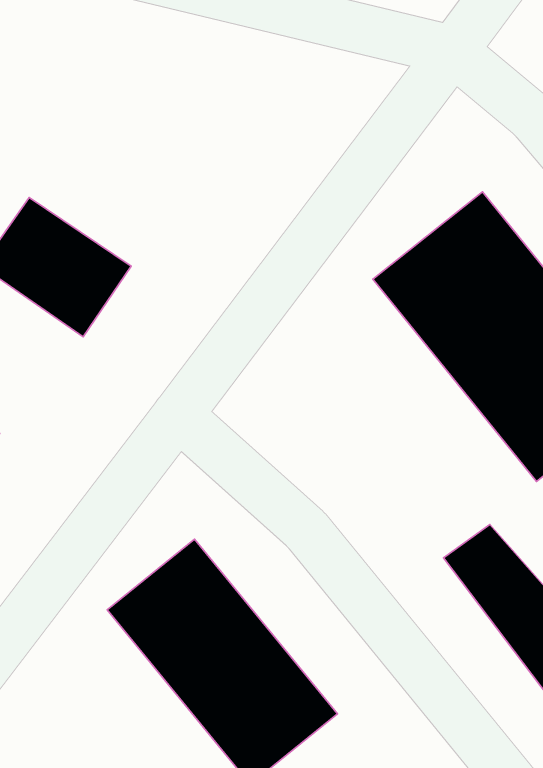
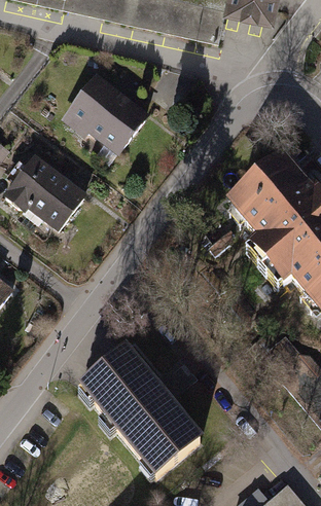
building: none -> [66,77,149,157]

